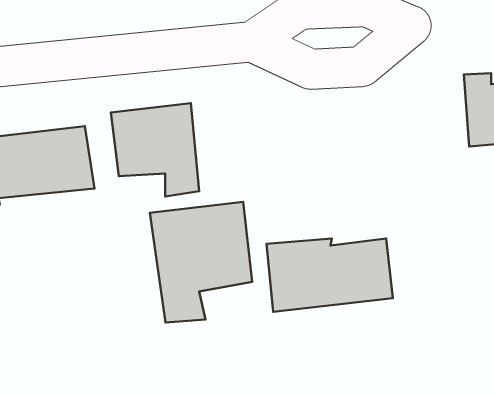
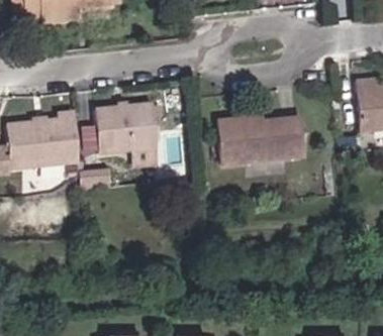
building: [150,202,252,323] -> none
building: [267,239,393,312] -> [215,109,309,163]

